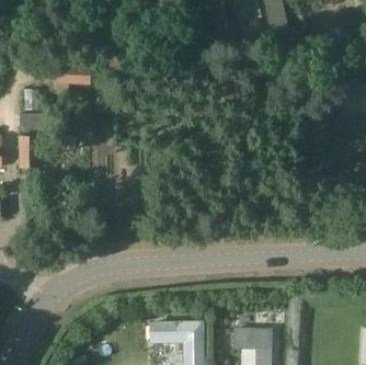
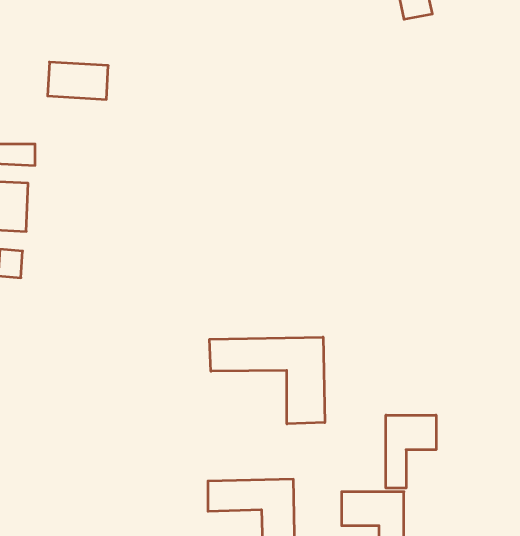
building: none -> [210,337,325,424]
building: none -> [386,415,436,488]

